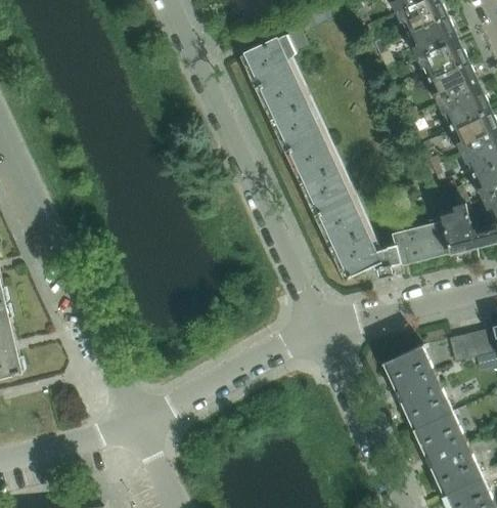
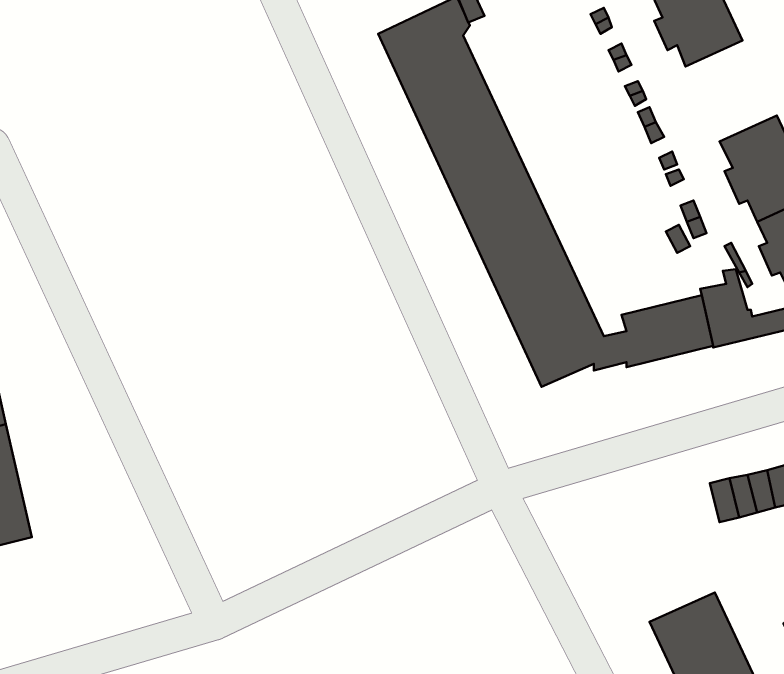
building: [432,60,489,124] -> none
building: [381,344,450,425] -> none

